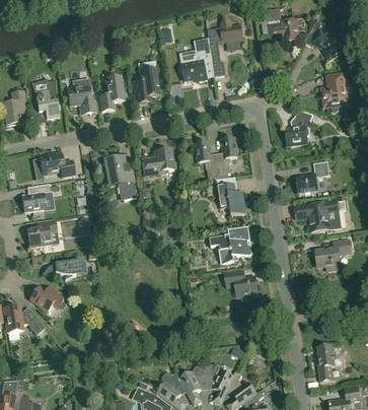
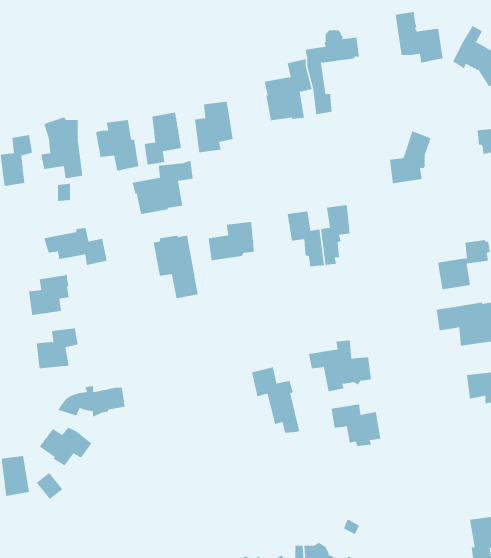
building: none -> [132,160,193,215]
building: [285,110,313,145] -> [389,130,432,184]
building: [215,177,246,215] -> none
building: none -> [252,367,300,433]

